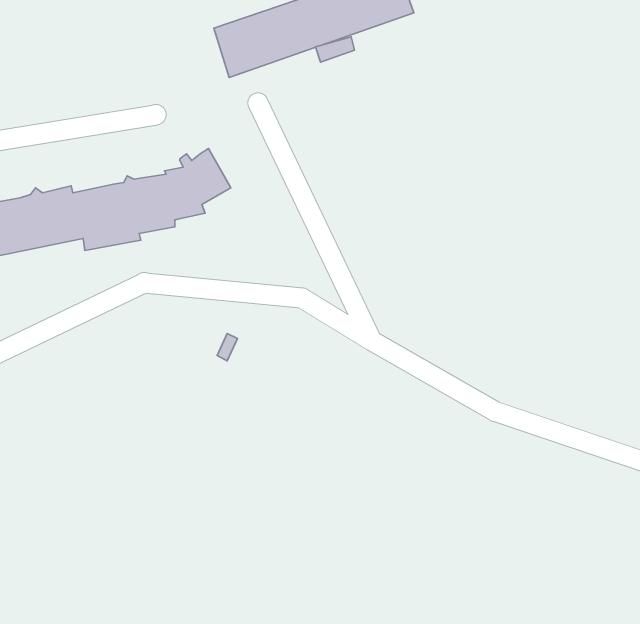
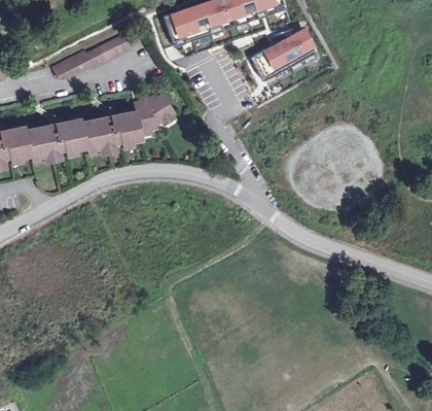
building: none -> [252,32,317,83]
building: none -> [51,34,130,78]

